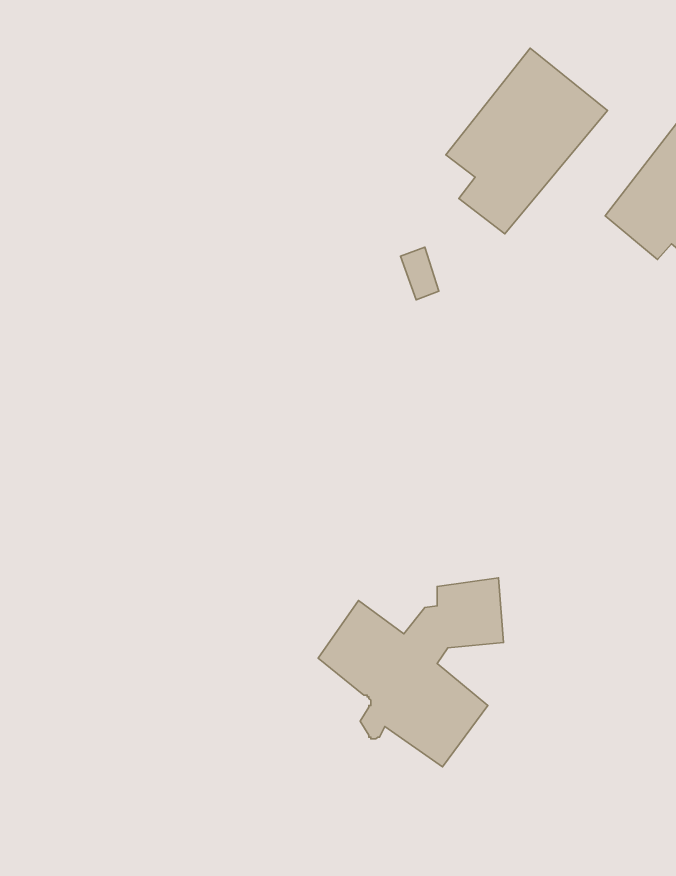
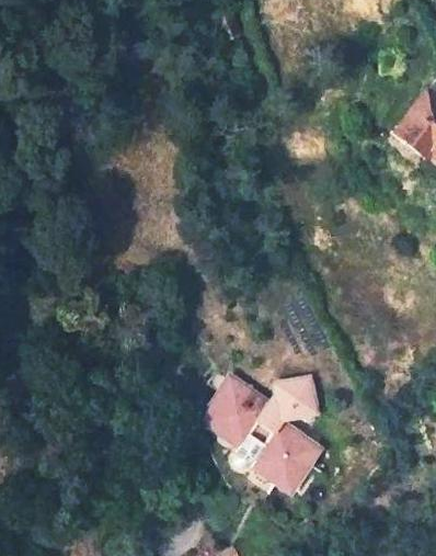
building: [446,48,607,234] -> none

